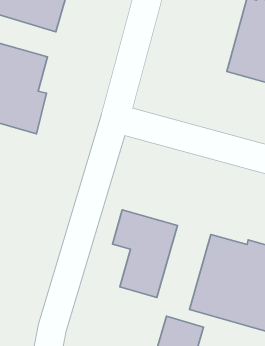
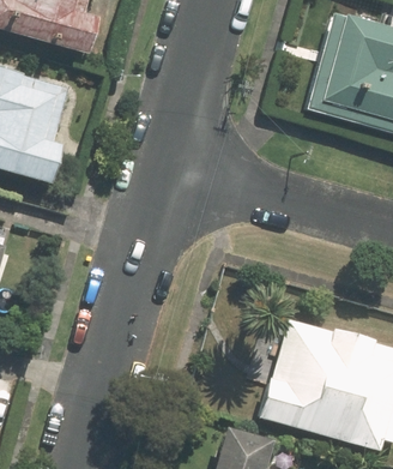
building: [113,210,178,297] -> none

